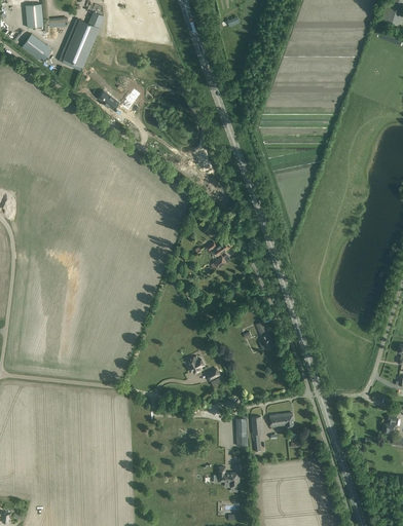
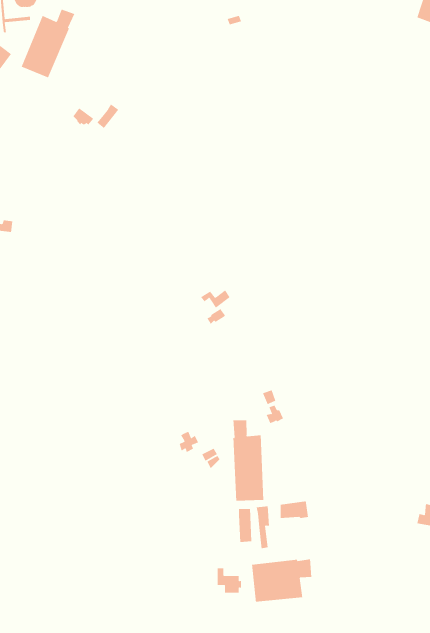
building: none -> [233,419,264,501]
building: none -> [252,558,312,602]

